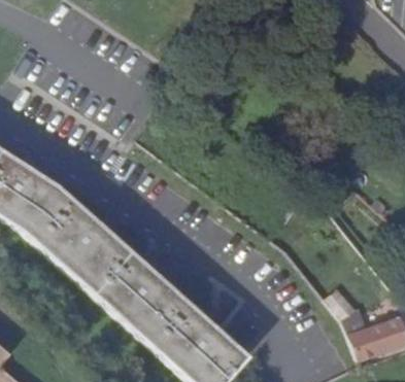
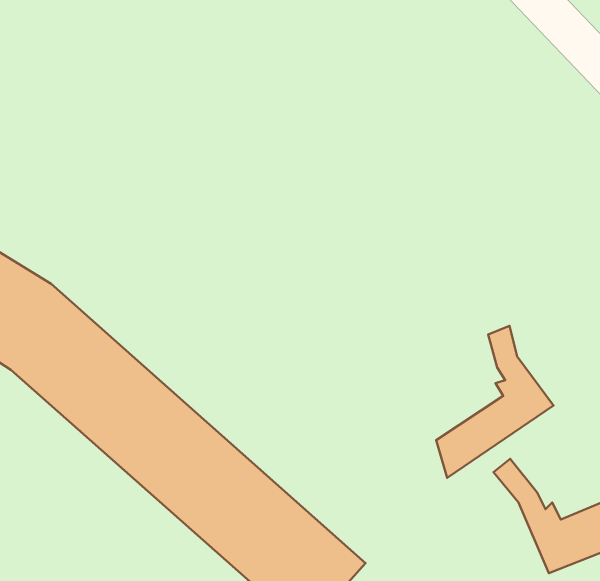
building: none -> [436,326,553,478]

